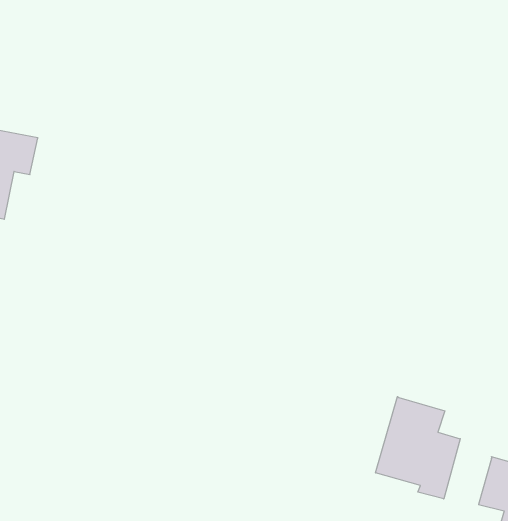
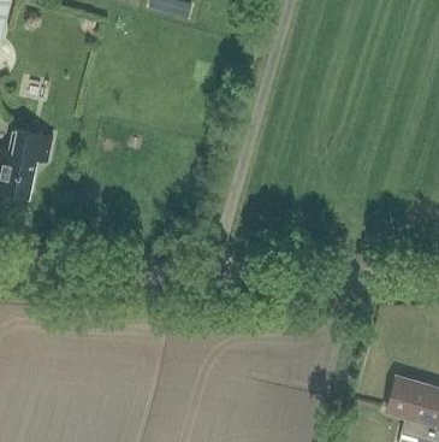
building: [376,397,460,499] -> none

